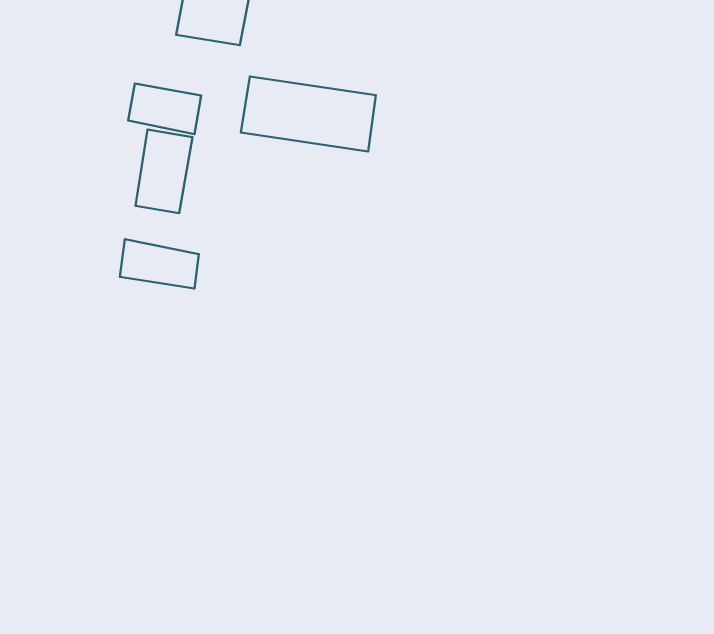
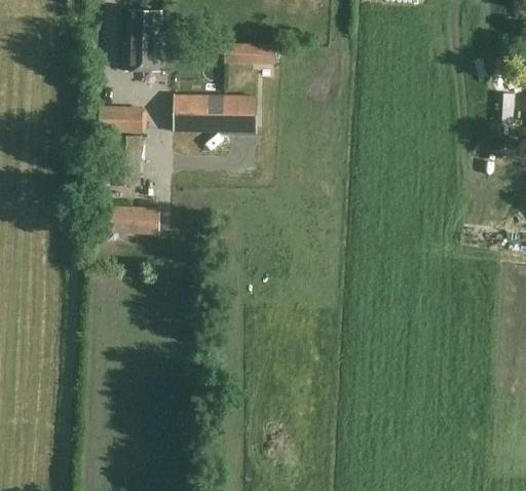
building: none -> [226,45,276,64]

